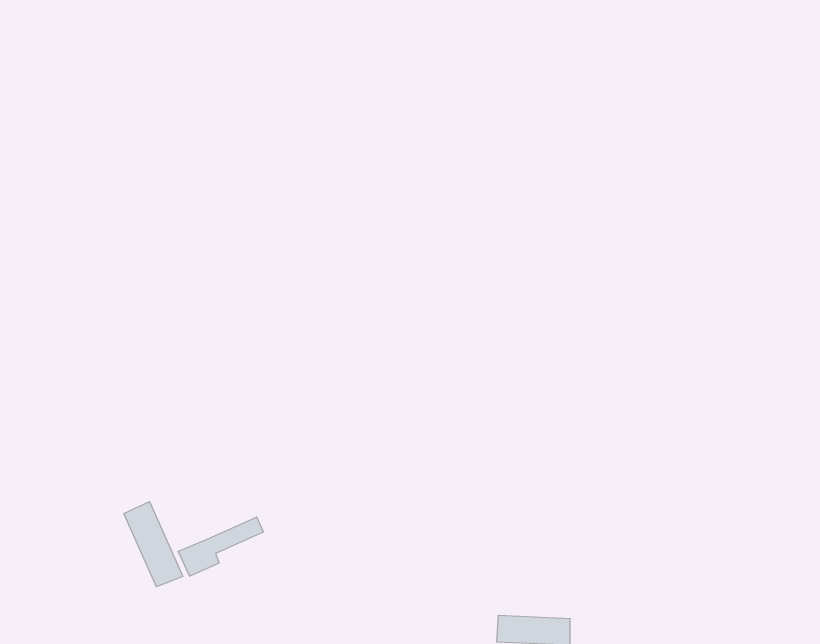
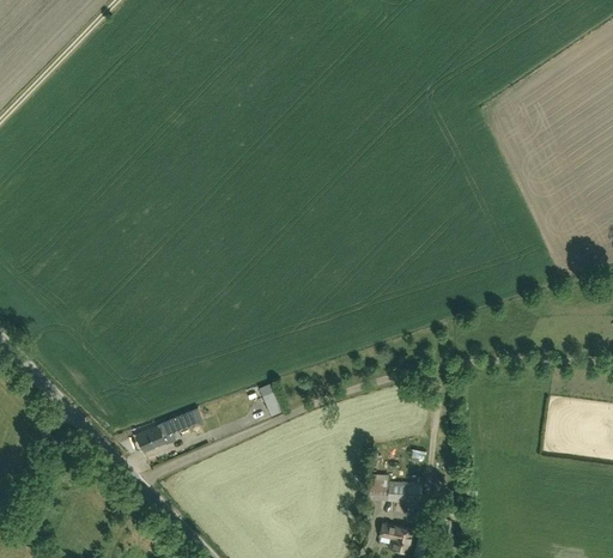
building: [124,502,183,587] -> none

